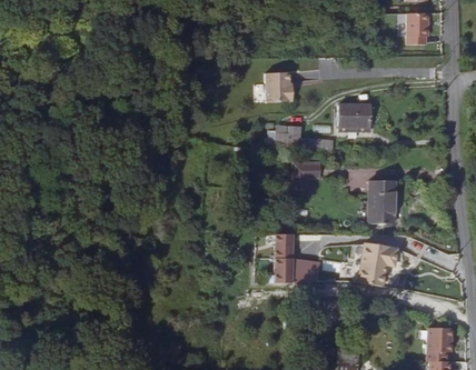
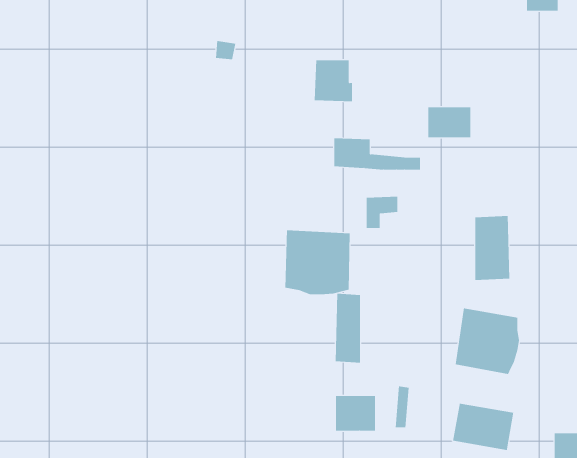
building: none -> [285,229,350,295]
building: [295,256,323,280] -> [335,395,376,431]
building: none -> [453,403,514,451]

